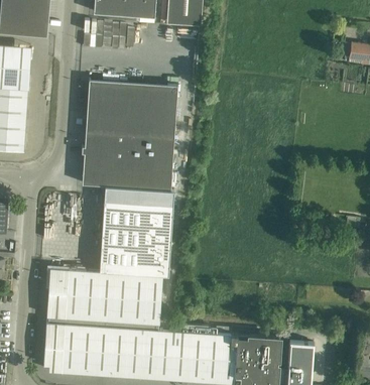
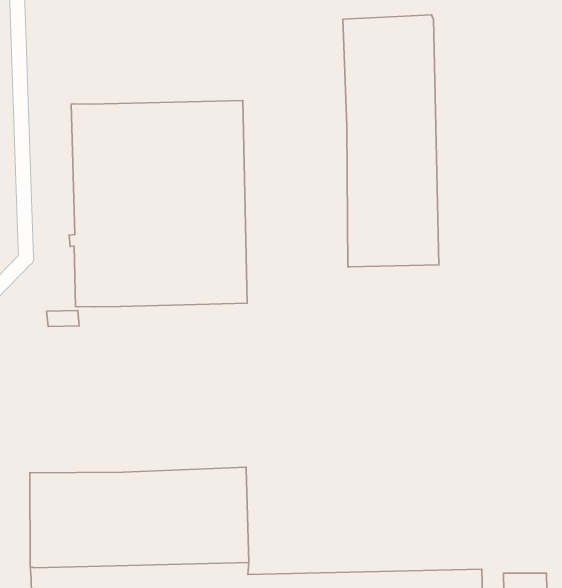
building: none -> [343,15,439,267]
building: [99,186,173,276] -> none

